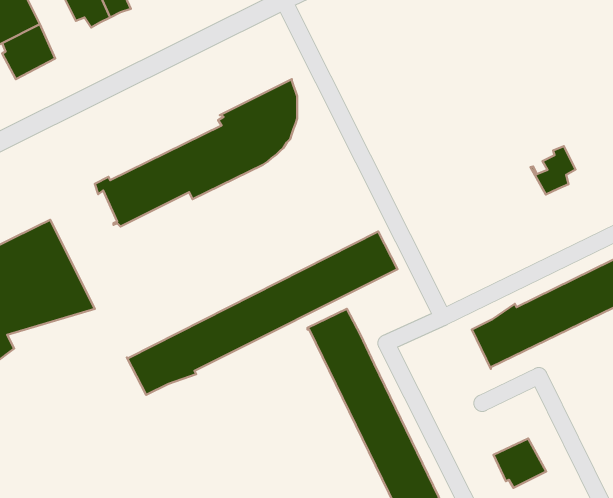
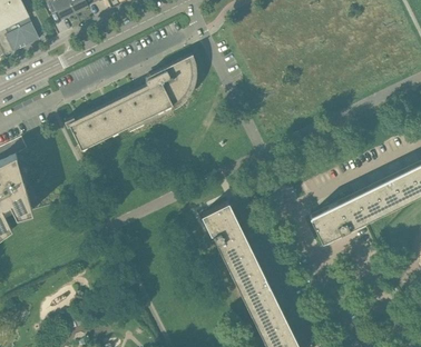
building: [530,146,575,195] -> none
building: [127,232,398,395] -> none
building: [493,438,546,488] -> none

